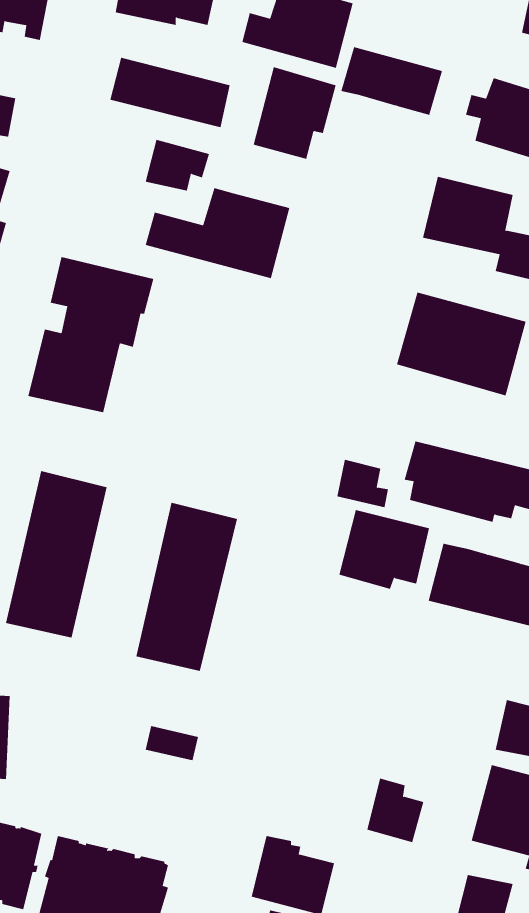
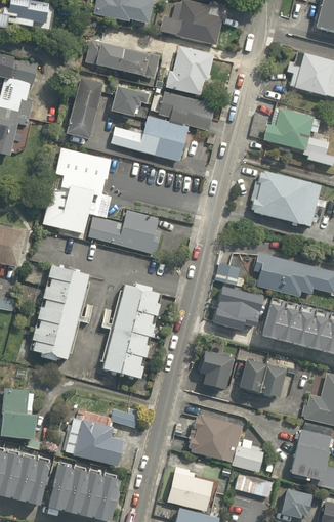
building: [340,47,443,115] -> [159,90,215,128]
building: none -> [66,74,101,138]
building: none -> [91,212,164,256]
building: none -> [196,349,231,388]
building: none -> [236,358,286,395]
building: none -> [193,411,234,459]
building: none -> [66,417,124,464]
building: none -> [236,475,273,498]

